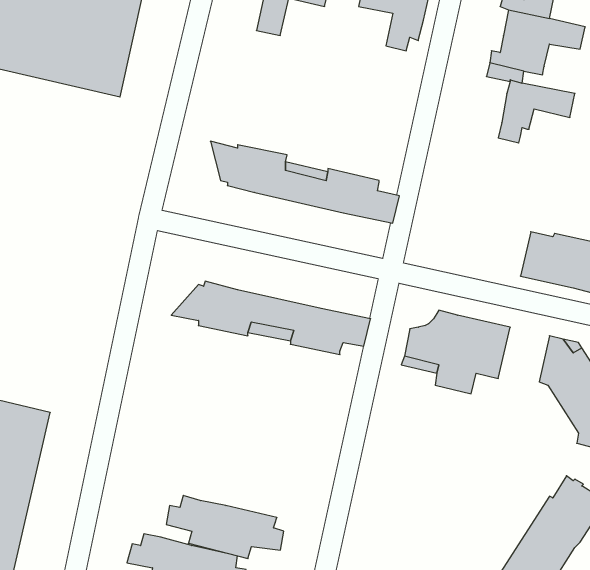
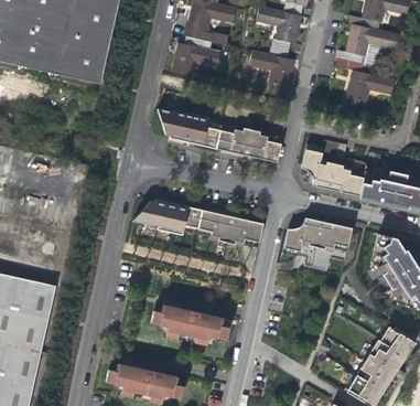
building: none -> [174,38,225,76]
building: none -> [258,47,292,97]
building: none -> [302,140,367,196]
building: [166,495,284,559] -> [150,304,226,345]

